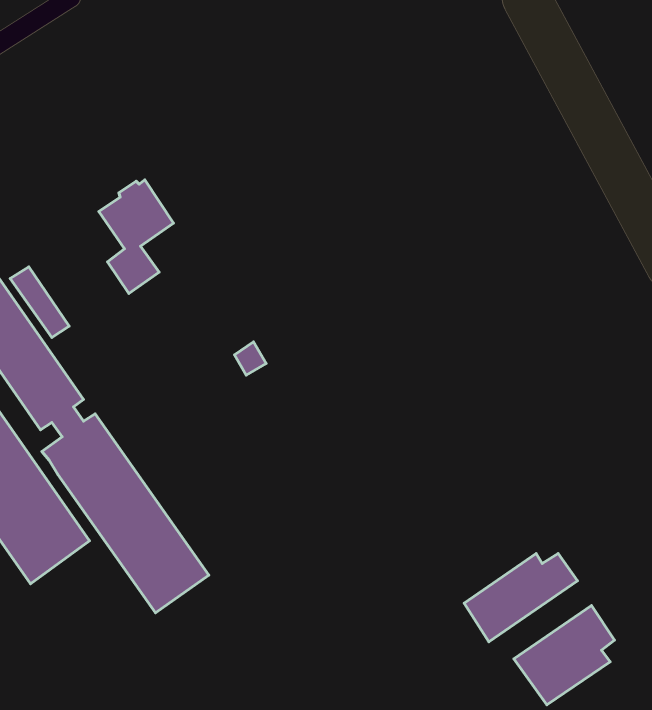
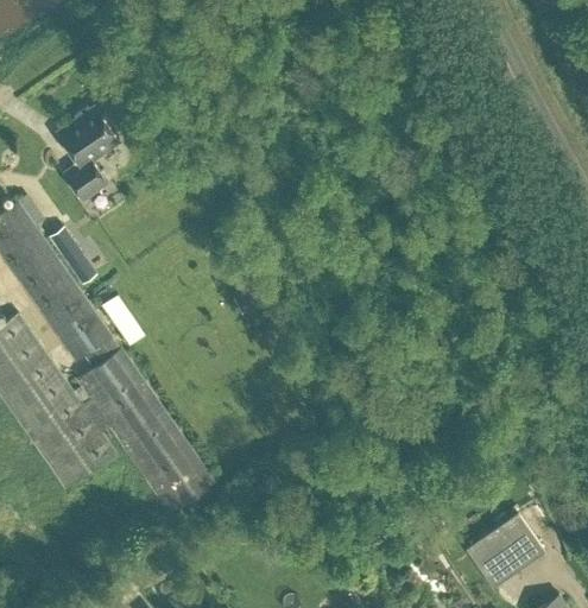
building: [99,180,174,294] -> [58,107,120,201]
building: [464,554,578,642] -> none

